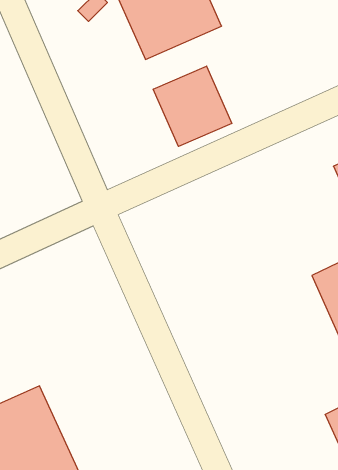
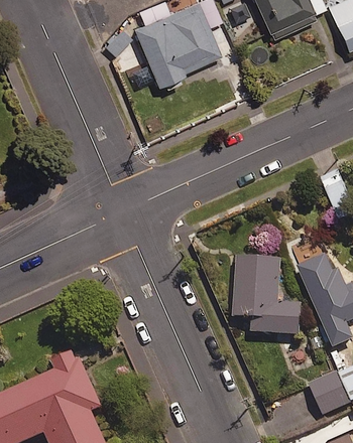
building: [153,66,232,146] -> none
building: none -> [235,257,305,336]

